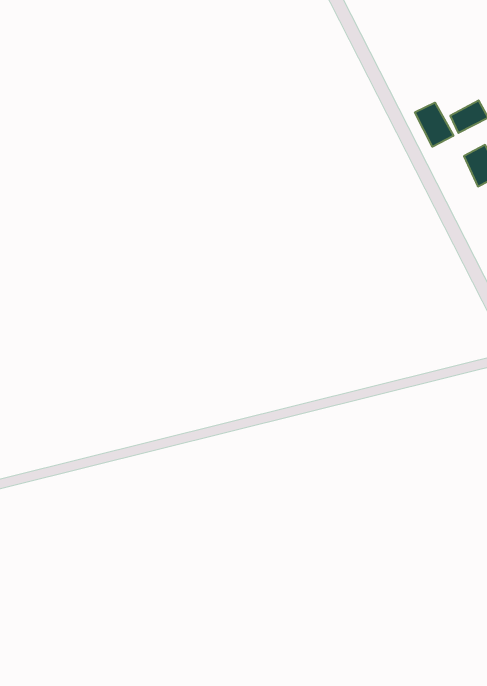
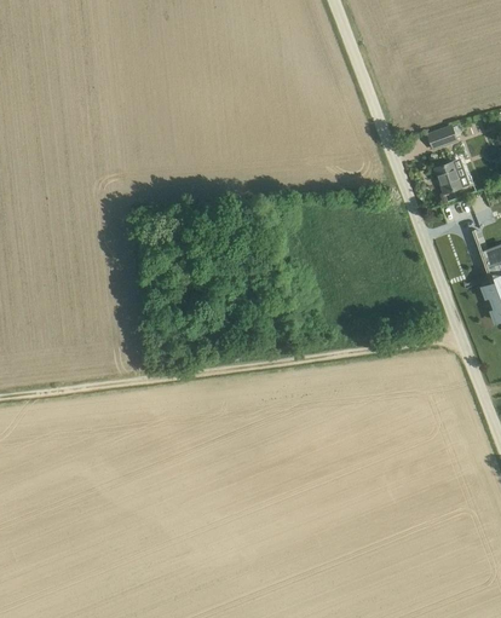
building: [415,103,453,147] -> none

